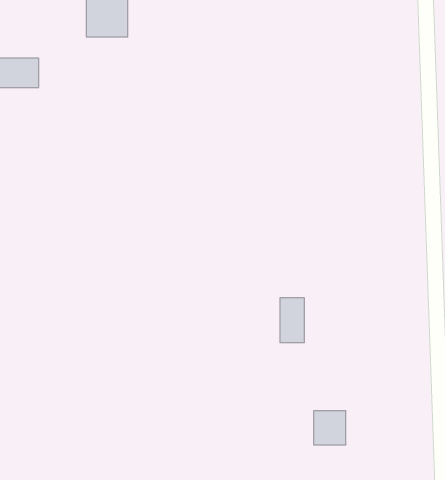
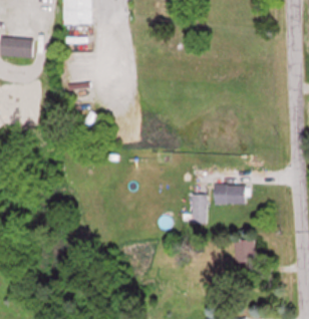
building: none -> [214,186,245,205]
building: [314,411,346,445] -> [234,241,255,263]

